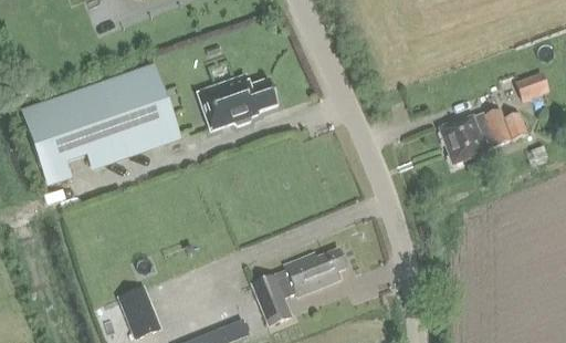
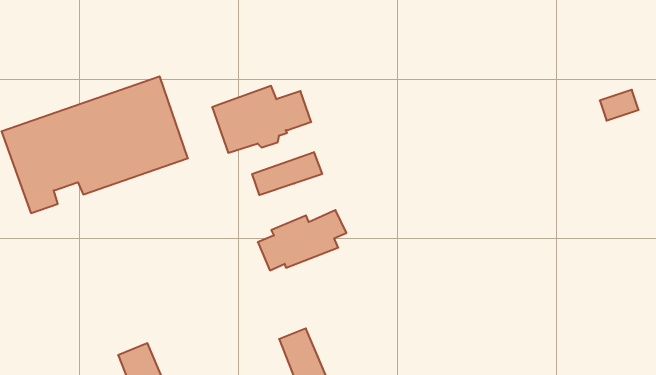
building: [441,110,526,162] -> none
building: none -> [252,152,322,195]
building: [274,247,347,297] -> [258,210,346,270]

